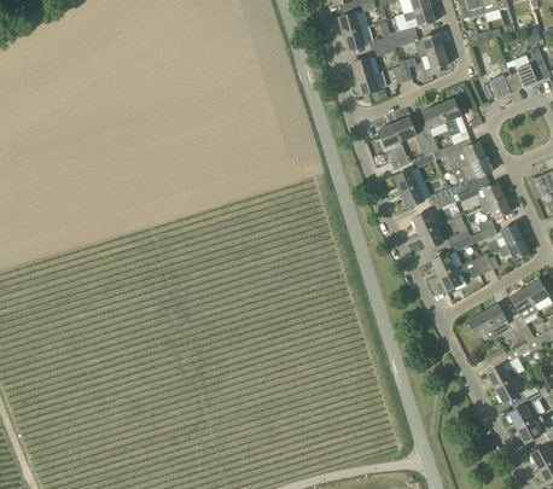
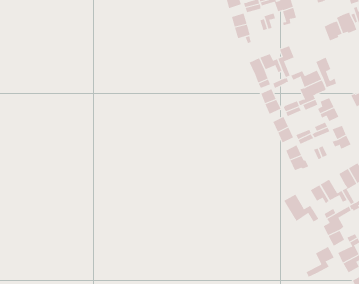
building: [438,98,470,144] -> [316,57,337,88]
building: none -> [284,194,319,222]
building: none -> [306,246,334,278]

